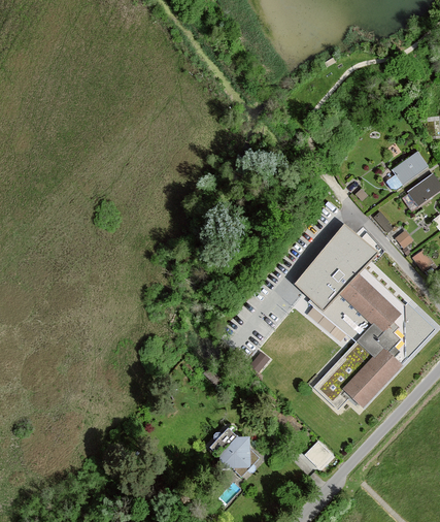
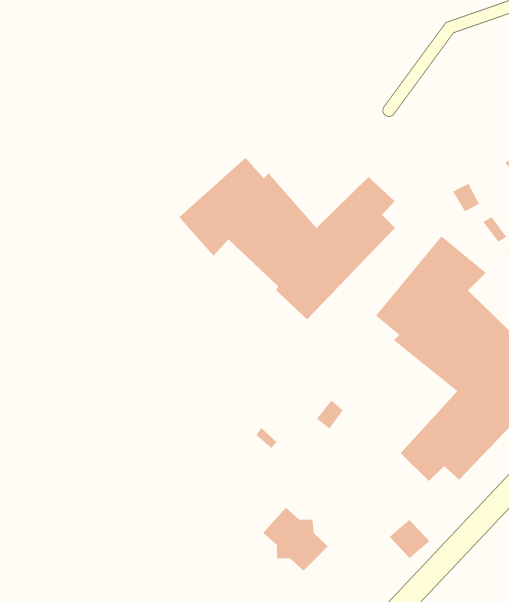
building: none -> [178,157,396,320]

